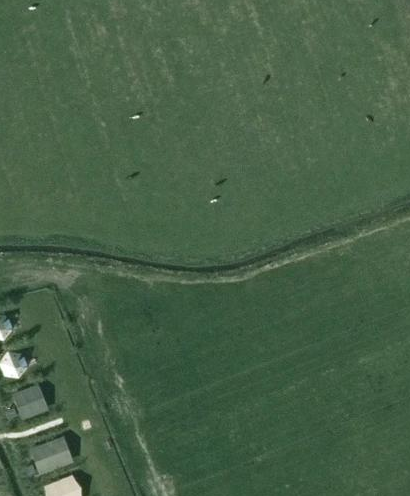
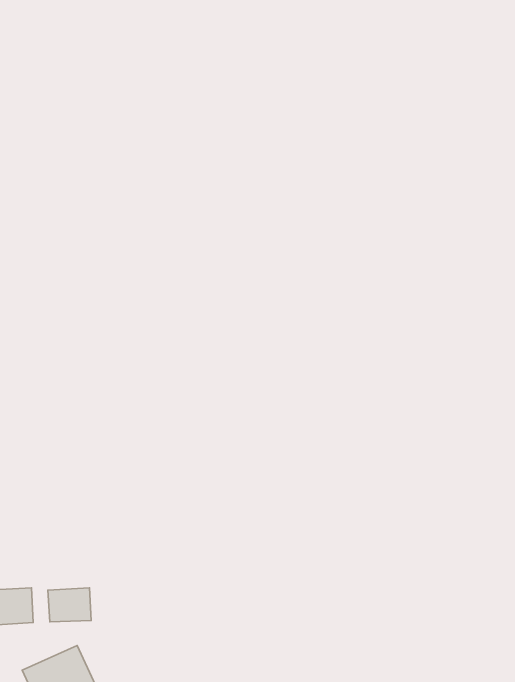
building: none -> [48,588,91,622]

